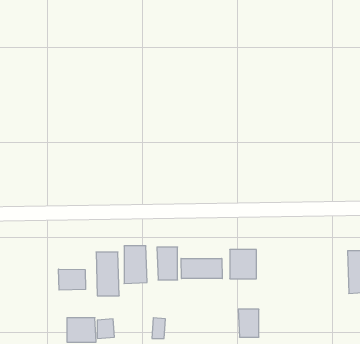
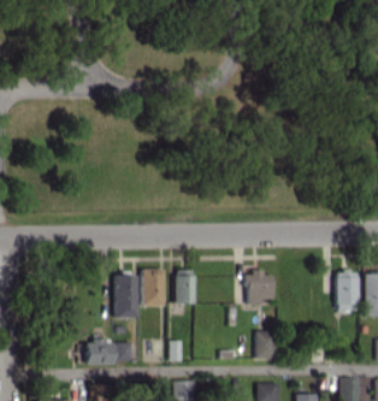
building: none -> [336,271,359,308]
building: [181,258,222,279] -> none
building: [59,269,86,290] -> none

